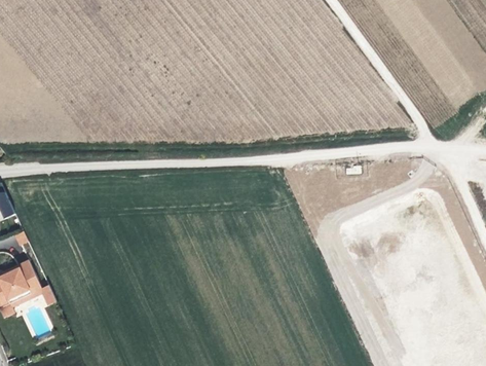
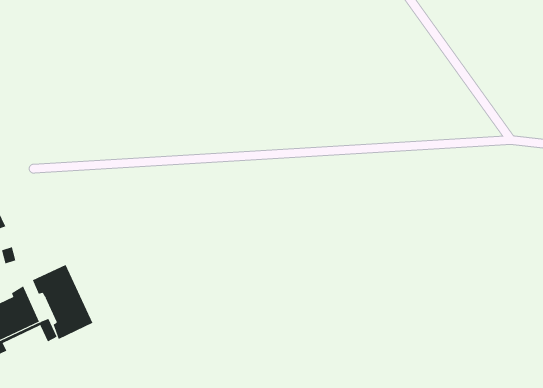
building: none -> [32,264,93,340]

